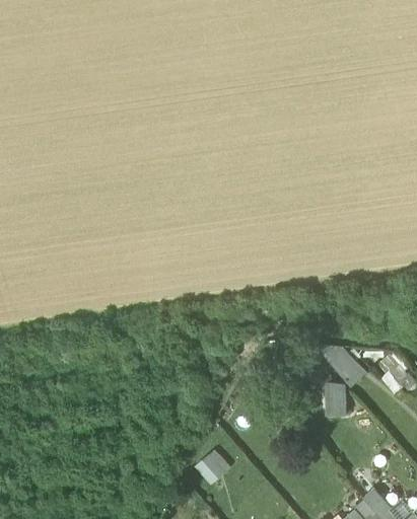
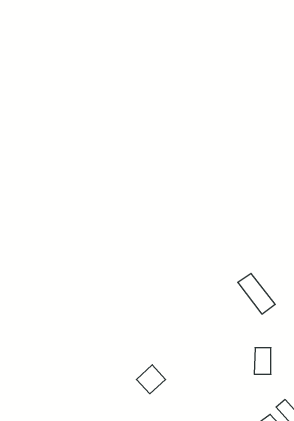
building: [324,383,344,416] -> [254,348,271,374]

